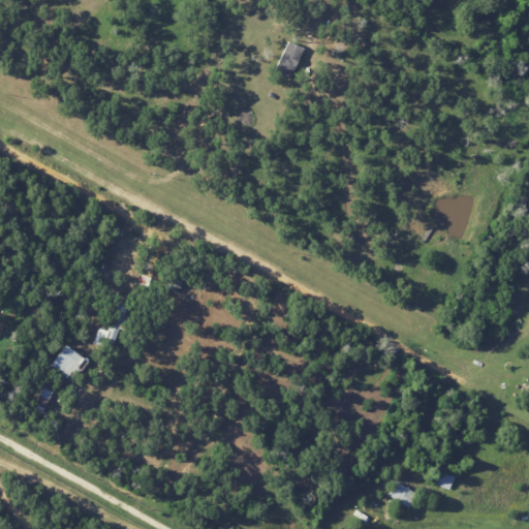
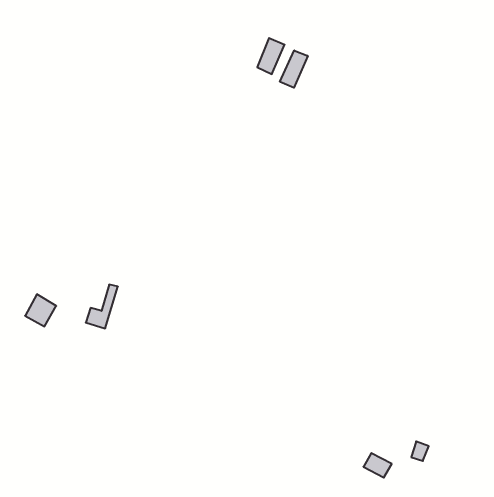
building: none -> [280,50,308,88]
building: [52,343,85,377] -> [25,294,56,326]

